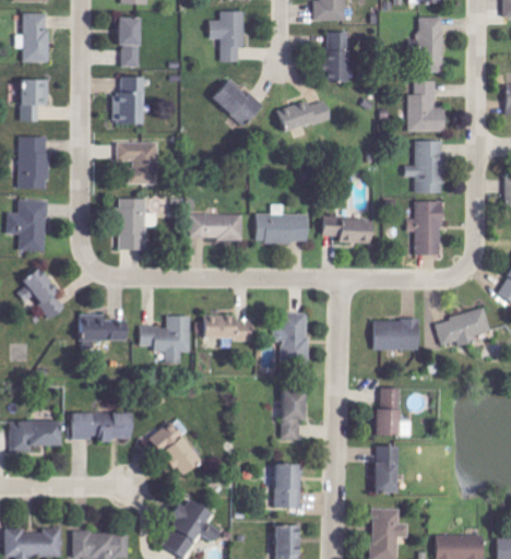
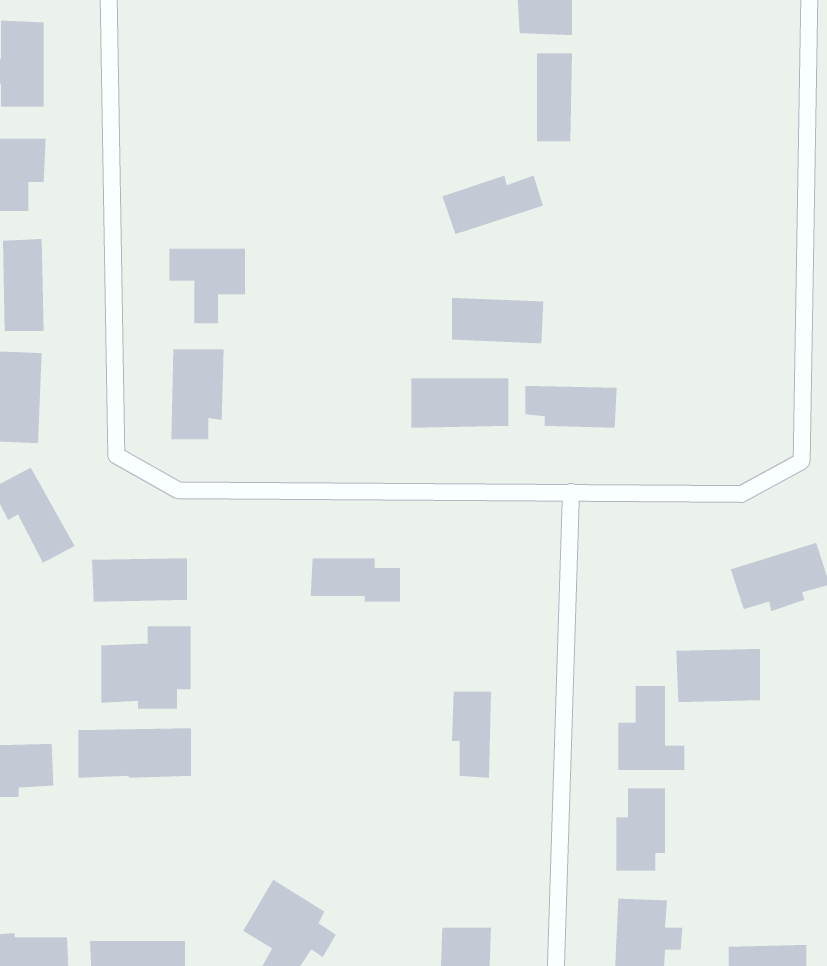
building: [209,10,245,61] -> none
building: [114,16,140,67] -> none
building: [417,16,443,72] -> none
building: [118,75,145,123] -> none
building: [206,79,262,118] -> none
building: [408,81,443,132] -> none
building: [404,140,443,193] -> none
building: [415,200,441,254] -> none
building: [191,213,243,239] -> [451,297,544,344]
building: [269,312,308,366] -> none
building: [141,316,192,362] -> [101,626,191,709]
building: [370,319,418,349] -> [676,648,761,703]
building: [147,425,197,476] -> none
building: [270,463,300,507] -> none

